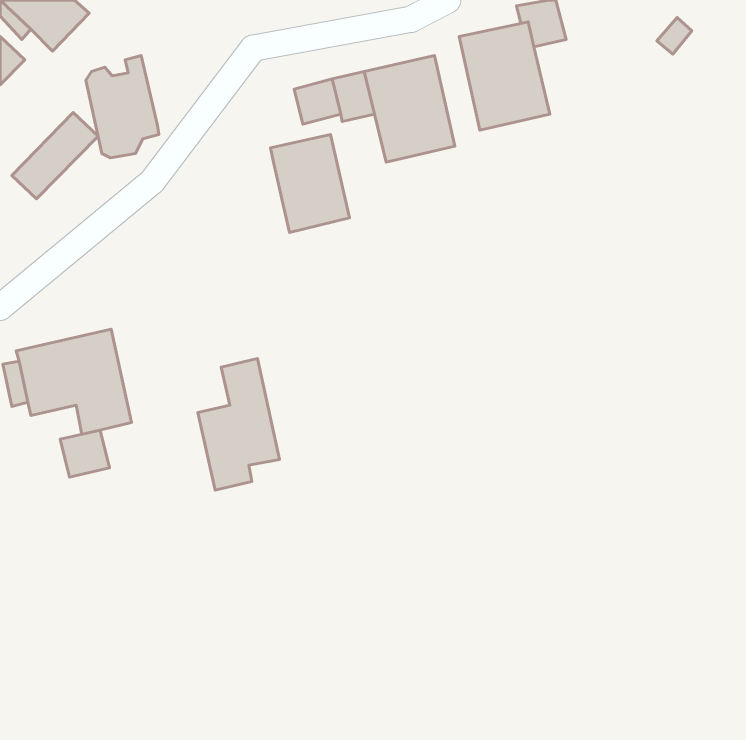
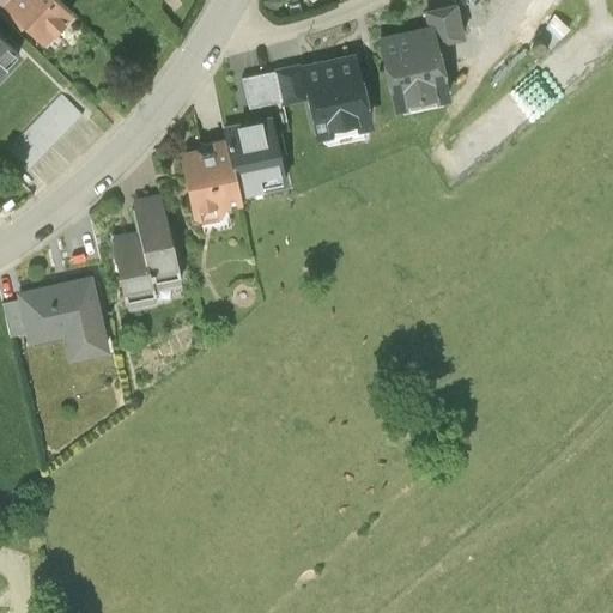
building: [86,55,159,158] -> [180,139,239,223]
building: [198,359,280,490] -> [113,195,180,303]
building: [60,430,110,477] -> none

